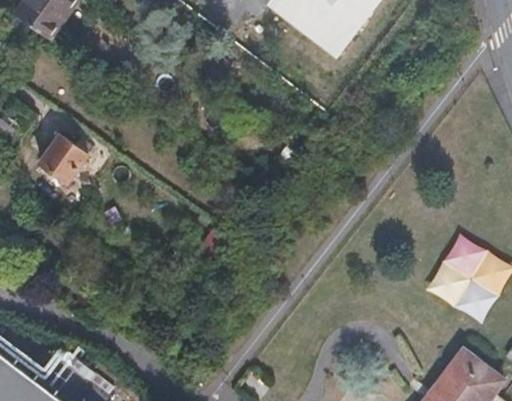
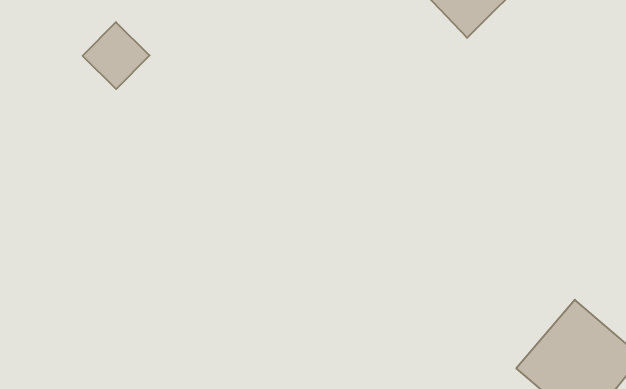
building: [38,135,86,183] -> [83,22,150,89]

